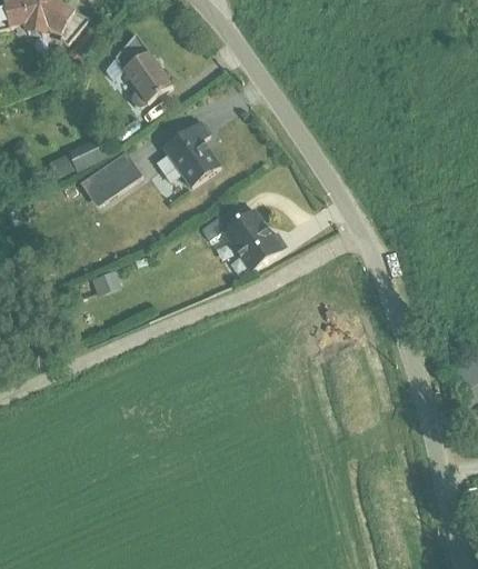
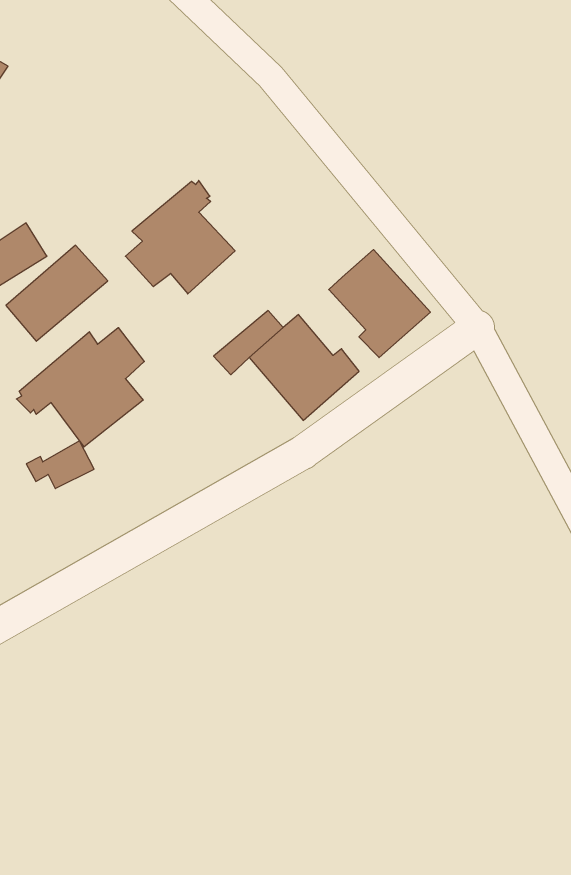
building: [104,32,172,106] -> none
building: none -> [329,250,430,358]
building: none -> [16,328,144,447]

